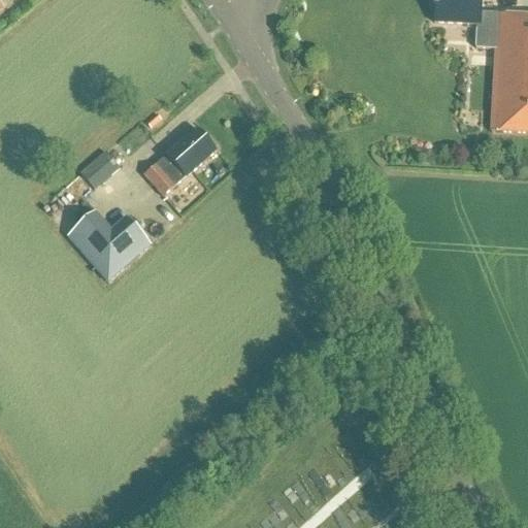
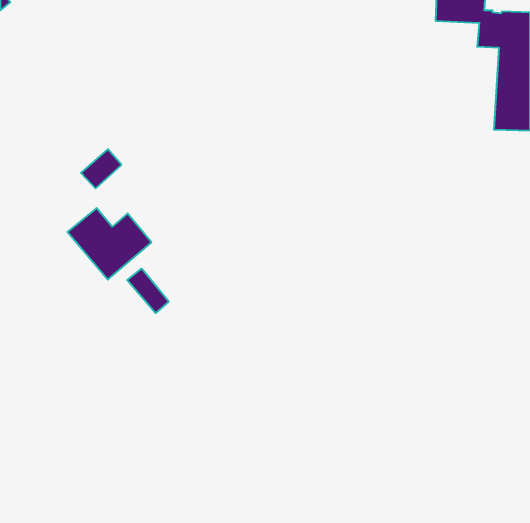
building: [147,126,218,193] -> none
building: none -> [127,269,169,313]

